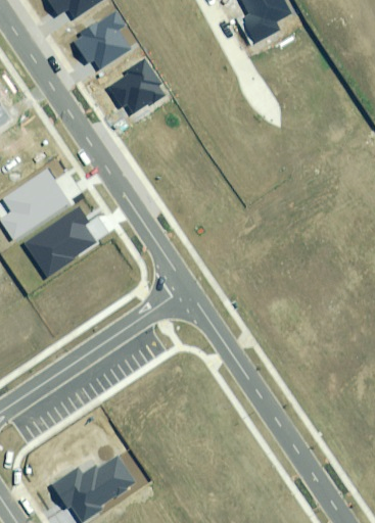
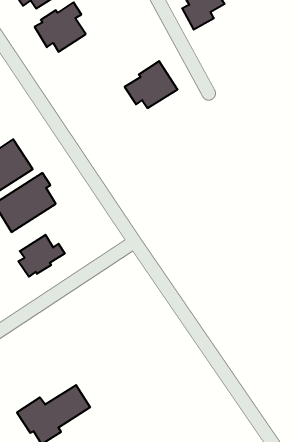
building: [106,58,168,112] -> [125,61,178,108]
building: none -> [18,235,65,277]

